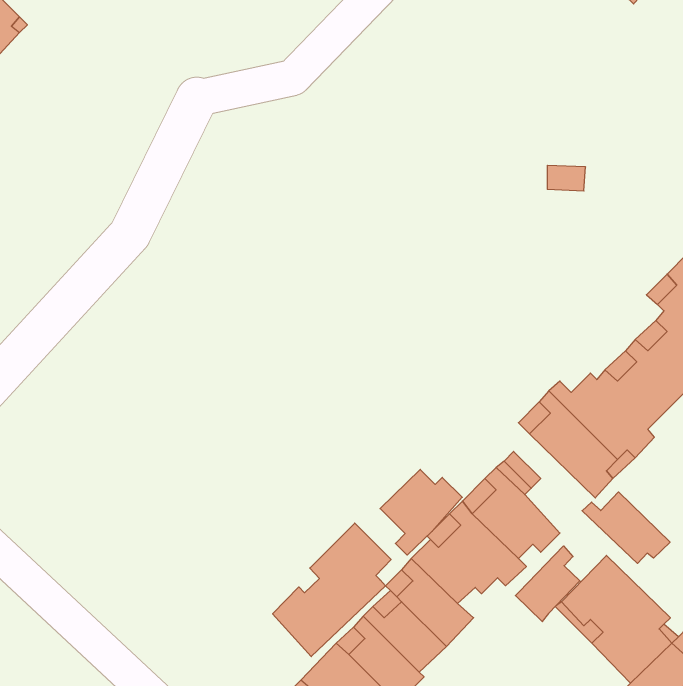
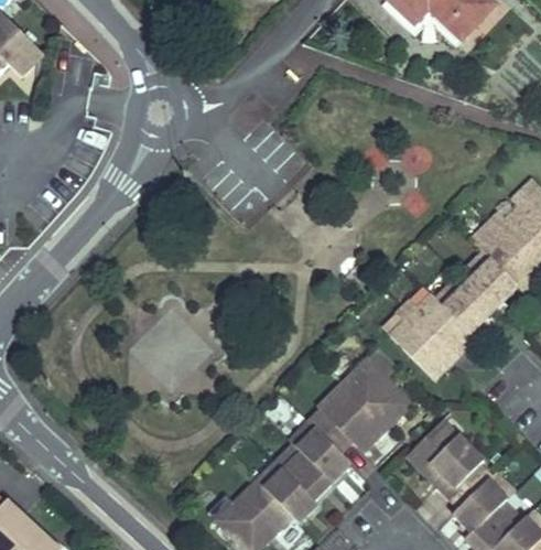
building: [380,469,462,555] -> none
building: [582,492,670,563] -> none
building: [273,523,391,657] -> none
building: [515,546,580,622] -> none

